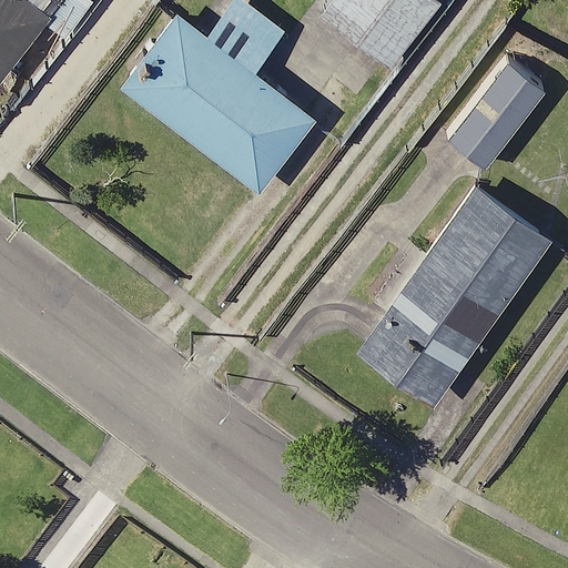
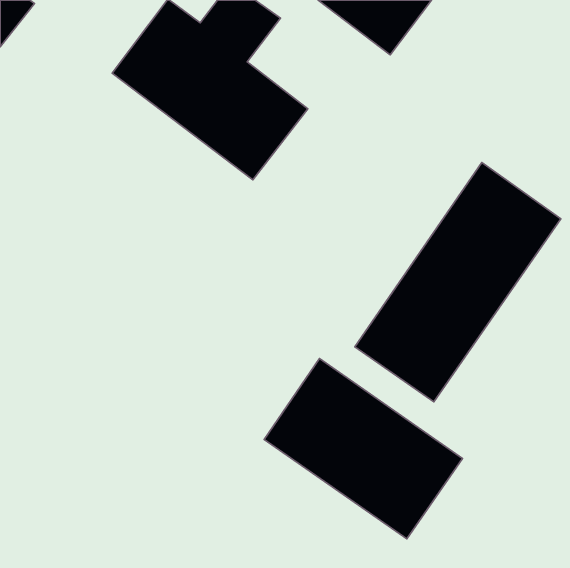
building: [445,62,544,170] -> none
building: none -> [264,359,462,539]

